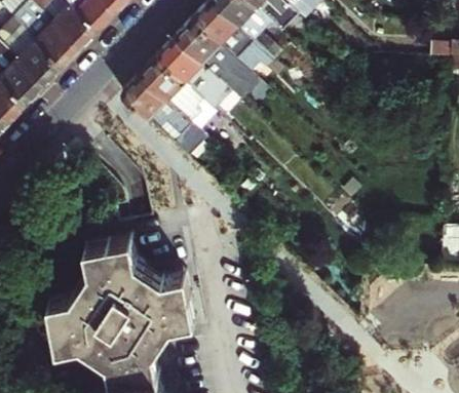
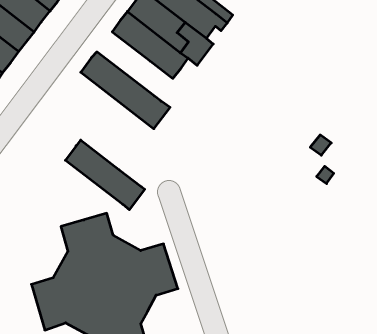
building: [140,57,216,132] -> [65,140,145,210]

